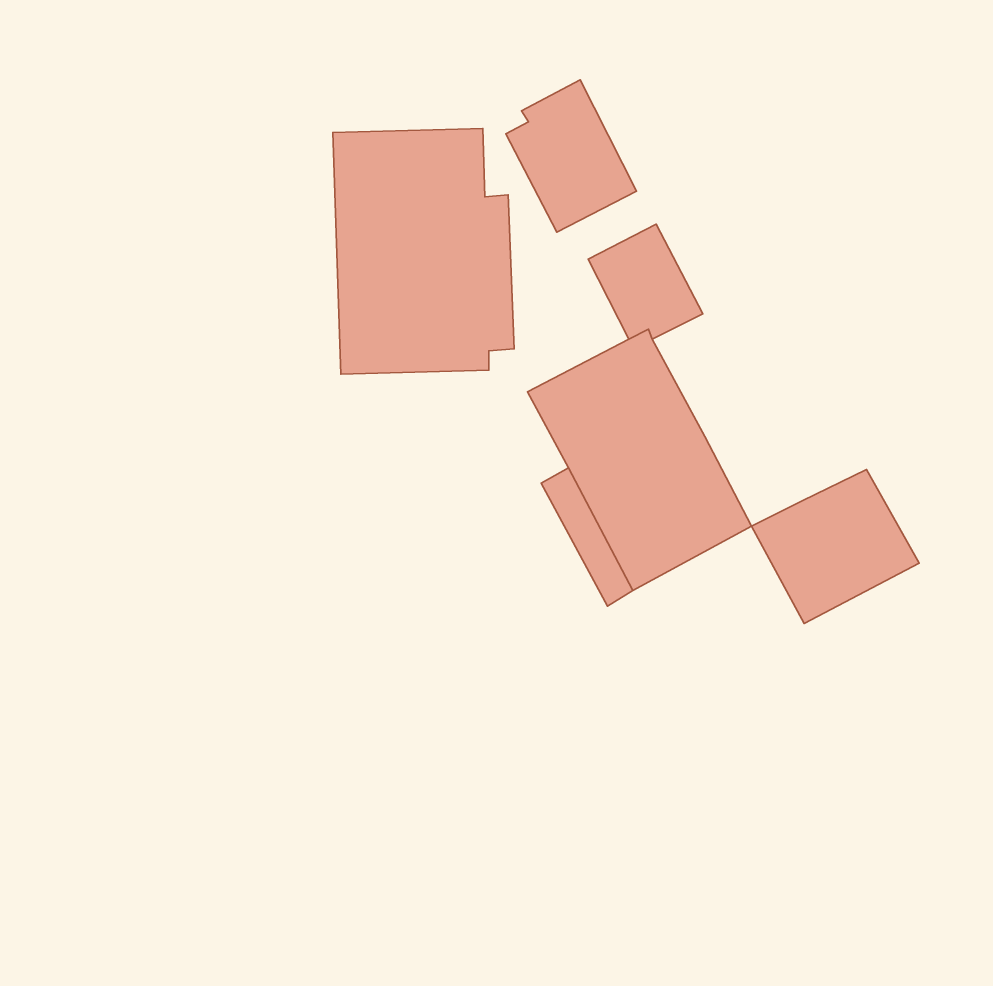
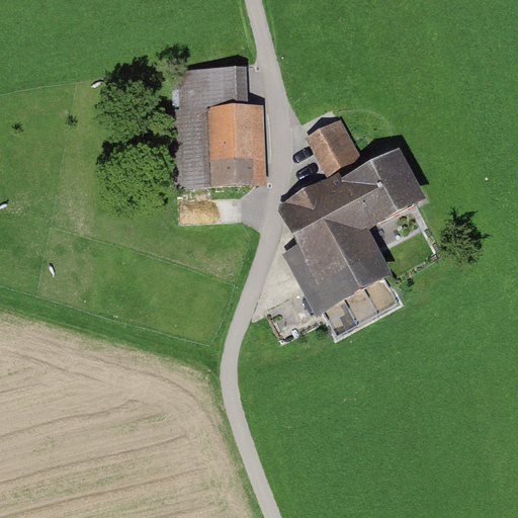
building: [506,80,637,232] -> none
building: [752,470,919,624] -> [339,147,426,227]

